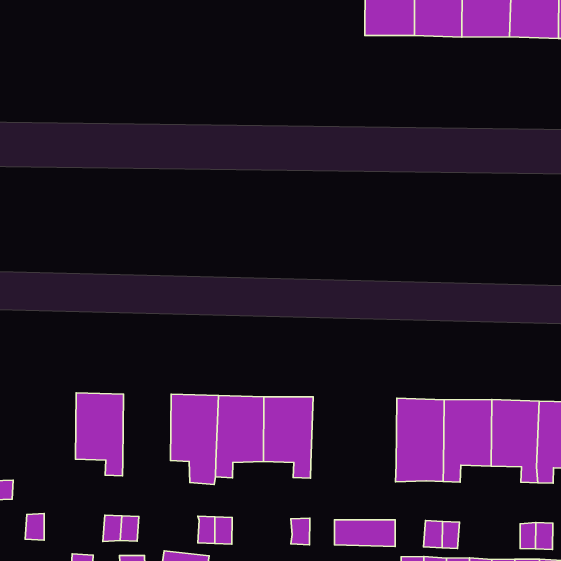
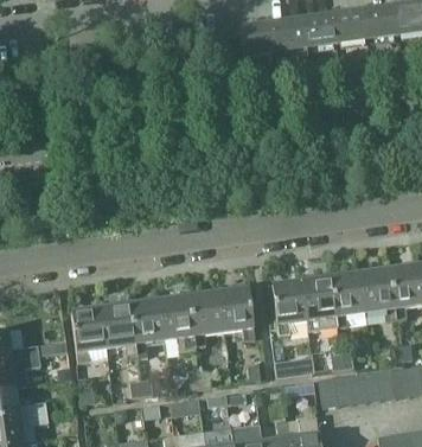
building: none -> [70,306,105,360]
building: none -> [129,298,165,353]
building: none -> [270,279,306,334]

